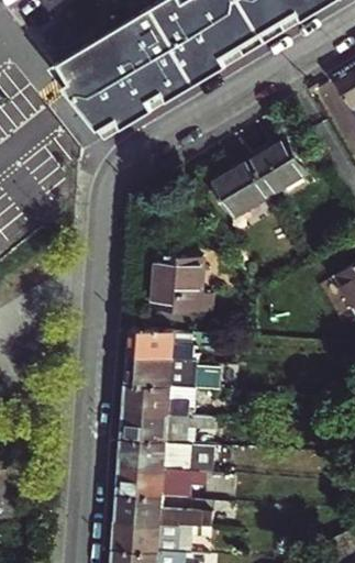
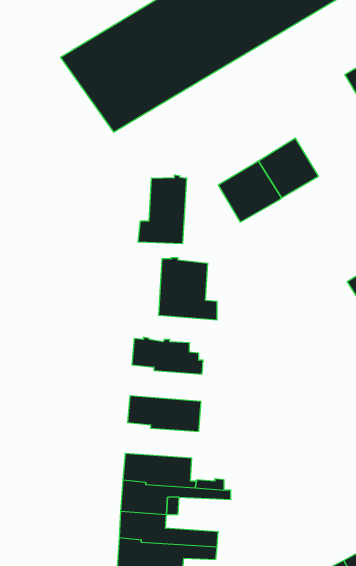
building: none -> [138,175,187,244]
building: [126,353,196,388] -> none
building: [122,408,215,442] -> none

